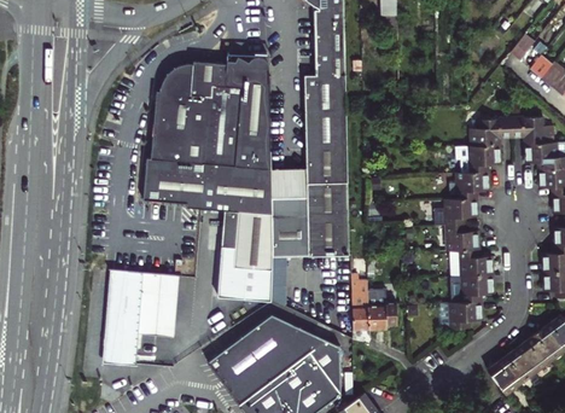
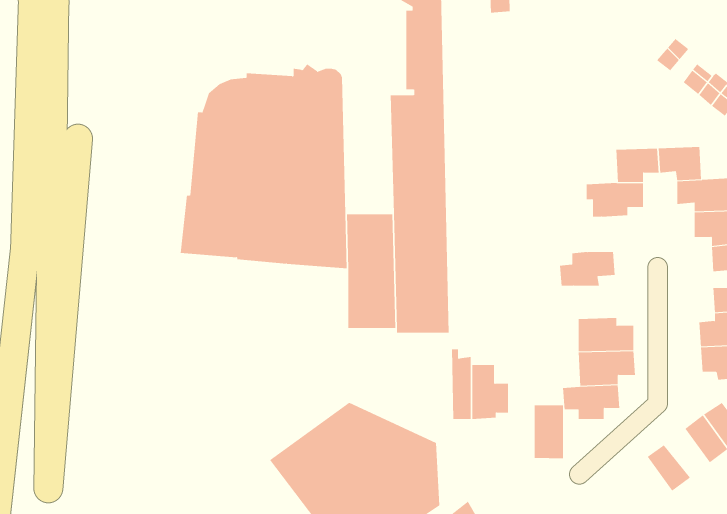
building: [455,171,488,199] -> none
building: [216,209,270,301] -> none
building: [444,226,478,251] -> none
building: [110,271,181,362] -> none
building: none -> [534,404,563,459]
building: [514,336,549,373] -> none
building: [485,357,520,396] -> none

